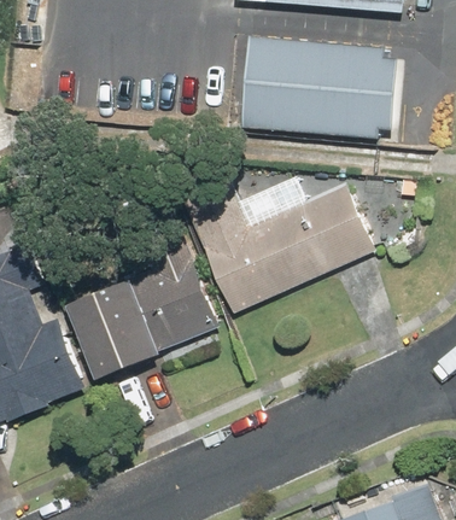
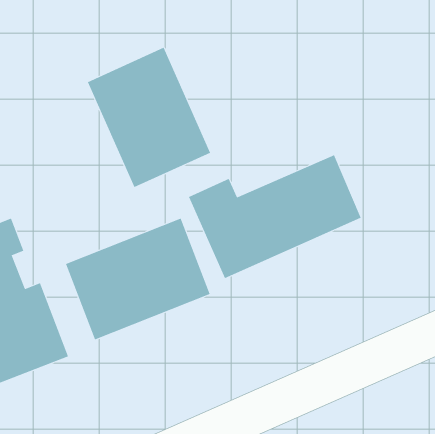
building: [236,33,394,135] -> none
building: none -> [87,47,211,188]

